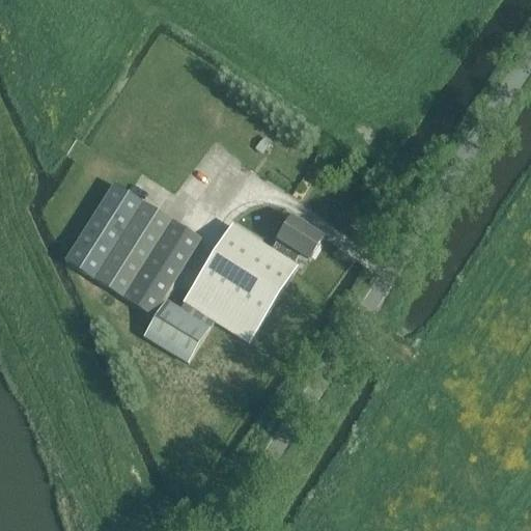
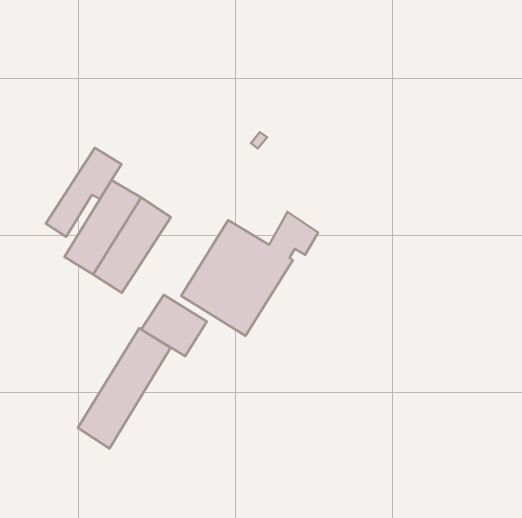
building: [123,220,200,310] -> [46,148,121,237]
building: none -> [78,328,171,448]

